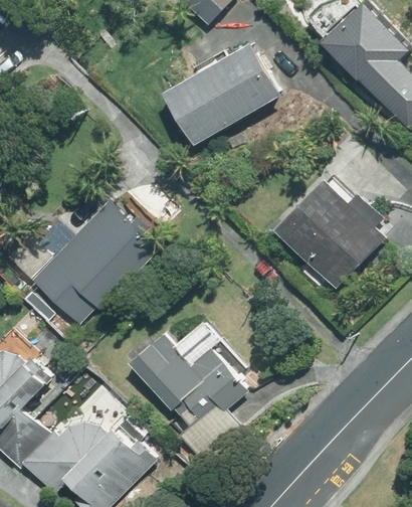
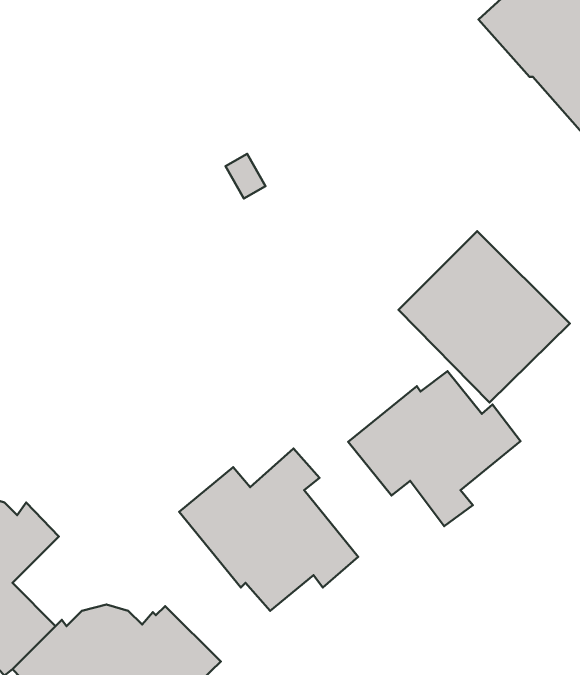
building: [164,42,280,146] -> none
building: [30,199,160,320] -> none
building: none -> [348,371,520,526]

